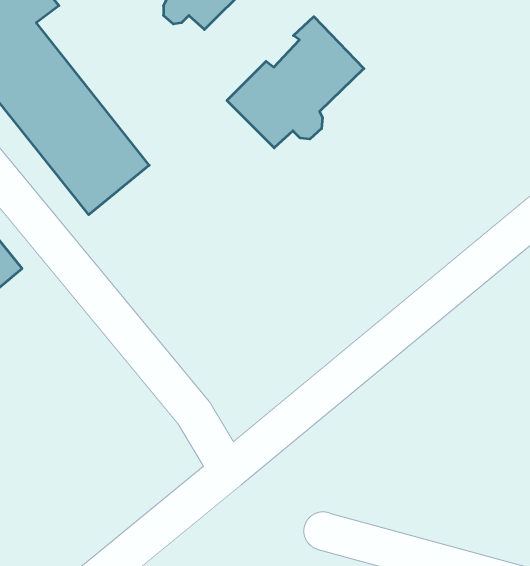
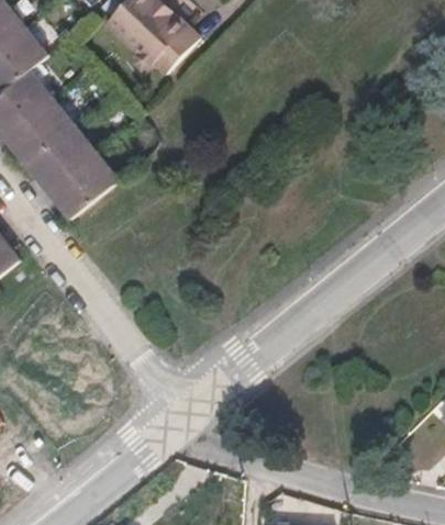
building: [227,17,364,148] -> none

